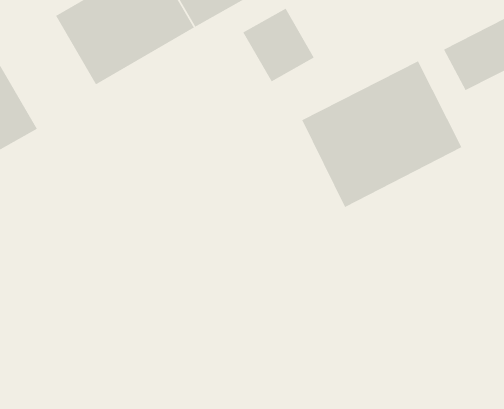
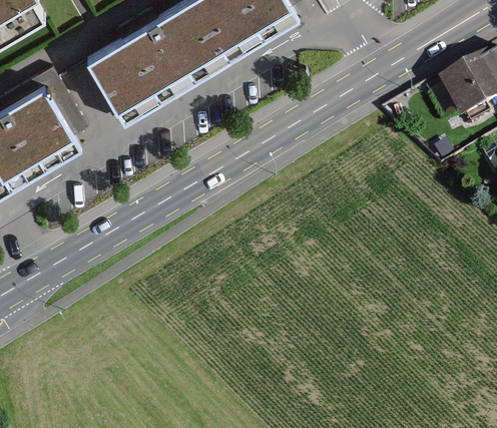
building: [243,8,315,82] -> none
building: [302,60,462,208] -> none

